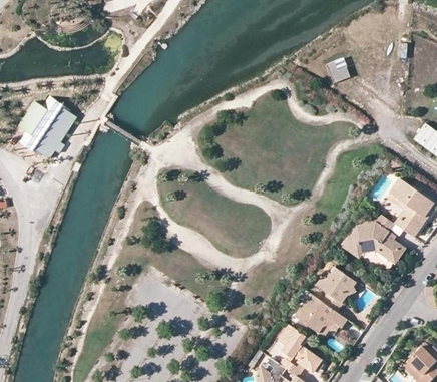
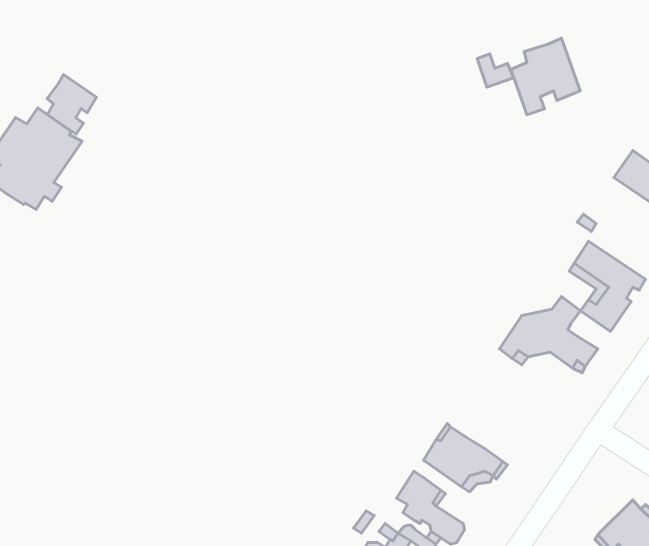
building: none -> [511,38,580,115]
building: none -> [47,75,97,134]
building: [314,268,355,313] -> none

